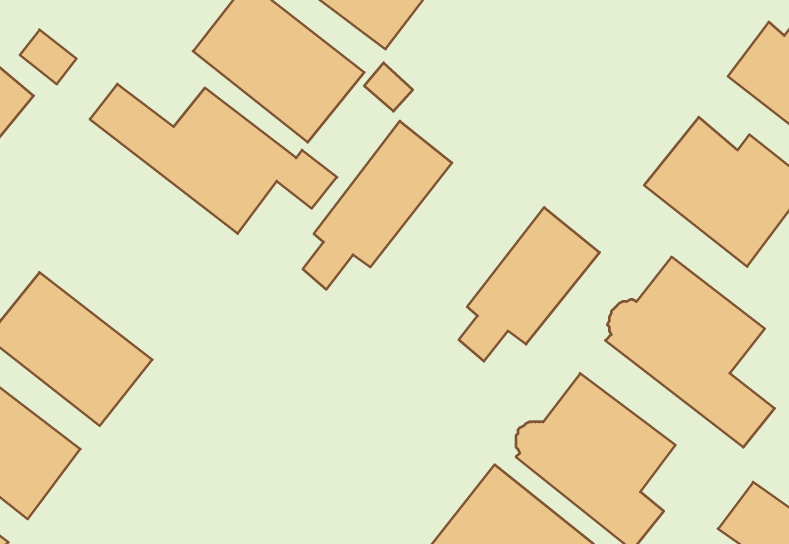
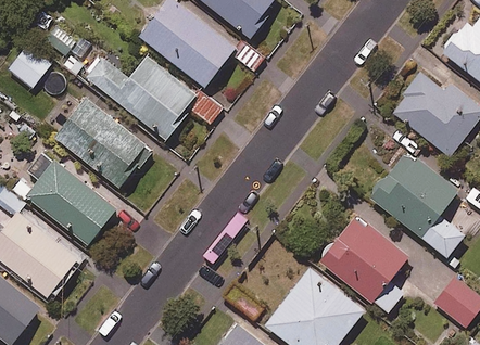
building: [303,121,452,289] -> none
building: none -> [55,98,149,187]
building: [459,207,600,361] -> none

